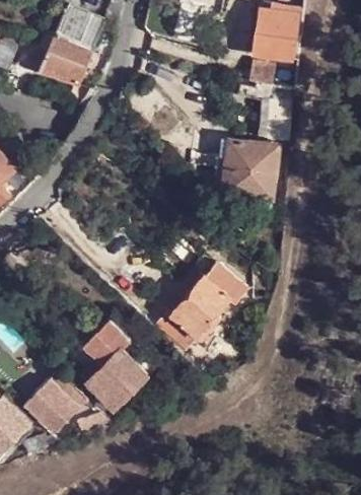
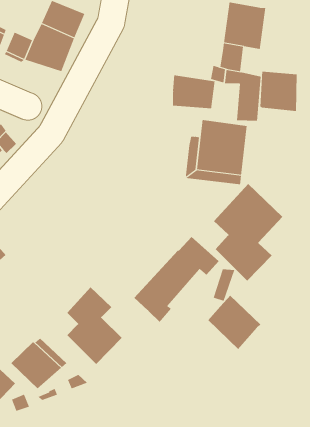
building: none -> [260,71,297,112]
building: none -> [172,74,215,109]
building: none -> [213,183,283,282]
building: none -> [208,295,261,350]

